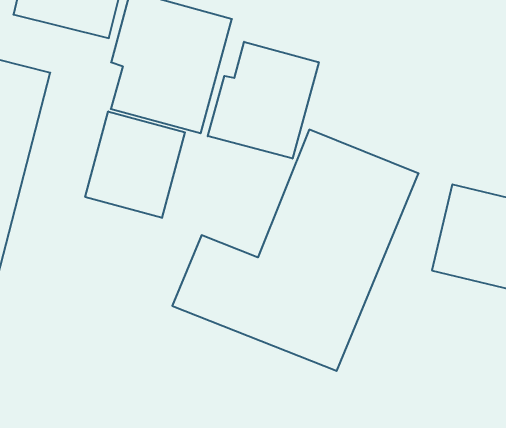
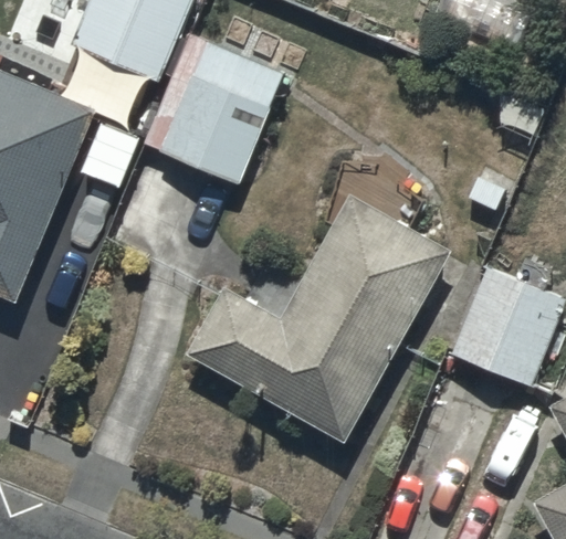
building: [208,42,319,159] -> none
building: [85,111,185,218] -> none

